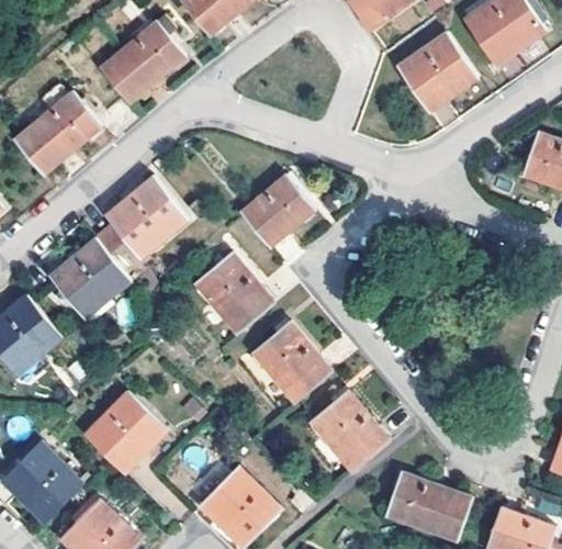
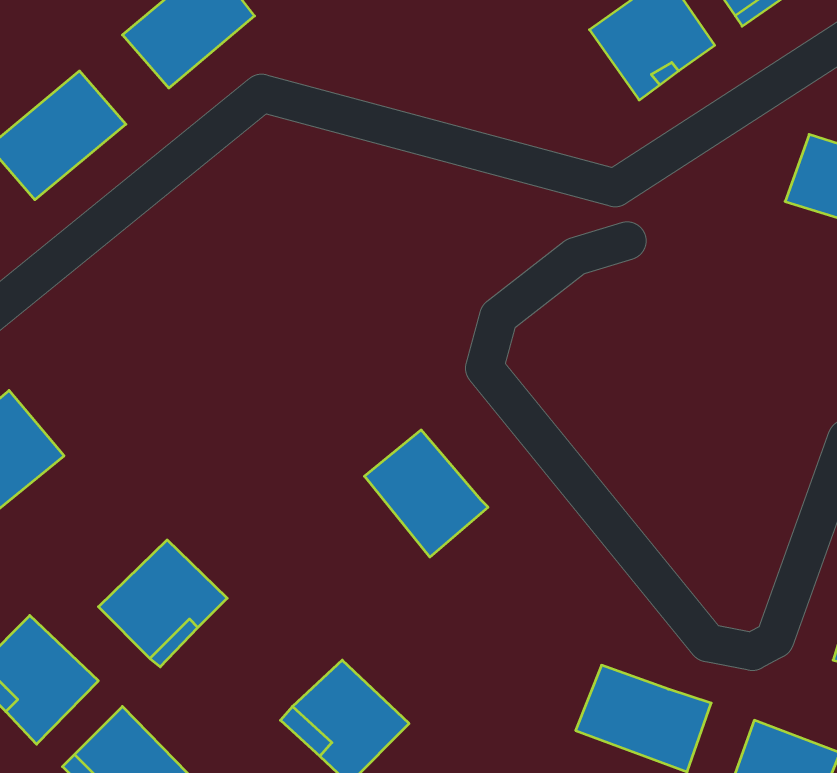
building: [238,173,314,246] -> none
building: [108,179,187,258] -> none
building: [49,238,130,318] -> none
building: [193,254,272,334] -> none
building: [310,391,390,473] -> none

